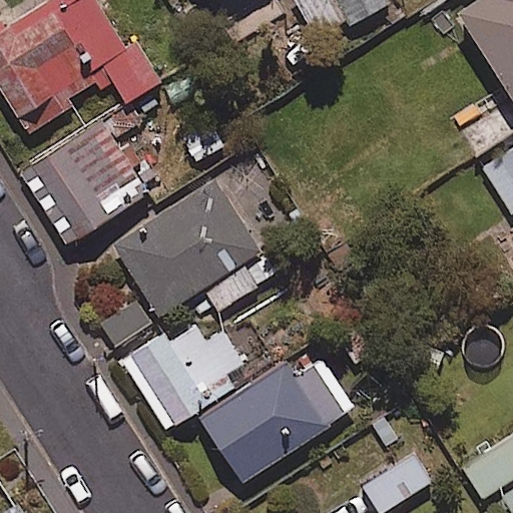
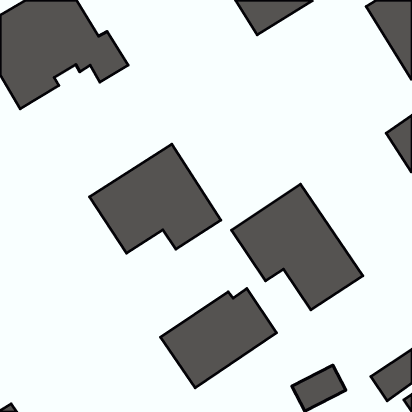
building: [18,100,147,244] -> none
building: none -> [231,184,363,310]
building: [123,327,249,429] -> none

